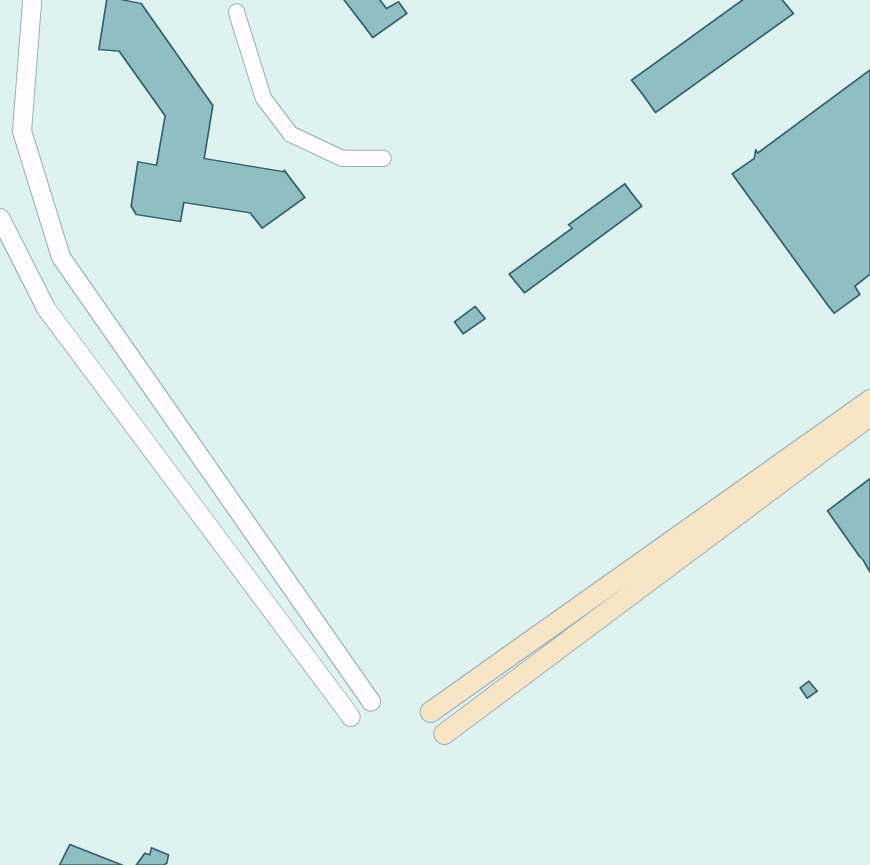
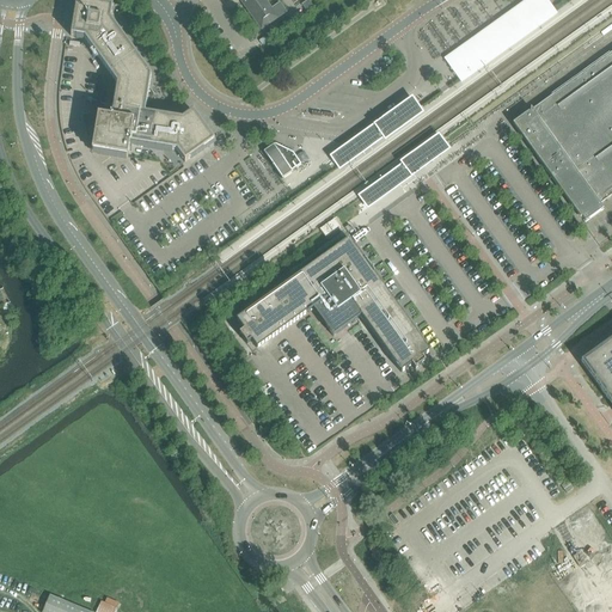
building: none -> [330,93,424,166]
building: none -> [263,142,301,175]
building: none -> [237,237,429,369]

